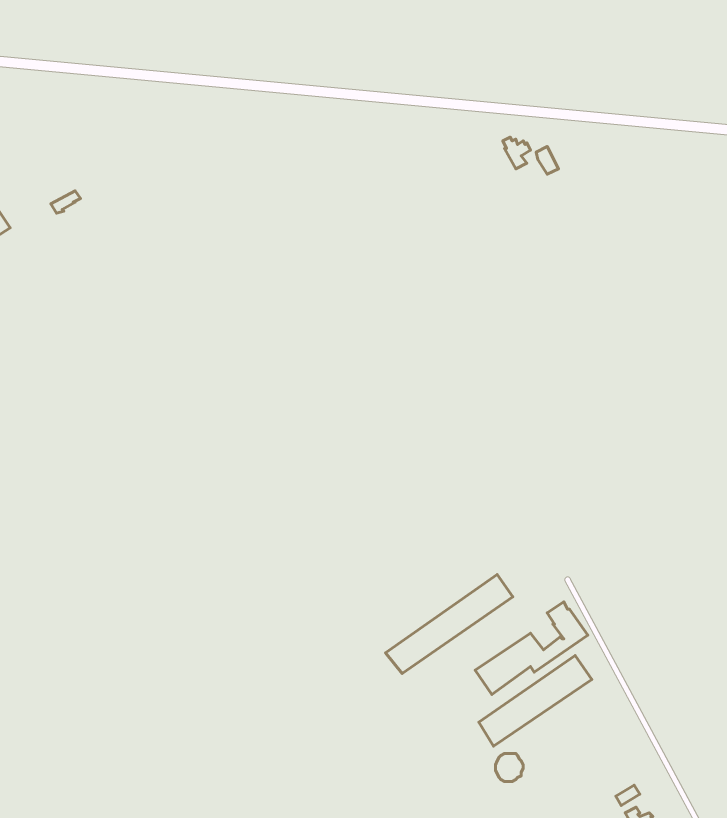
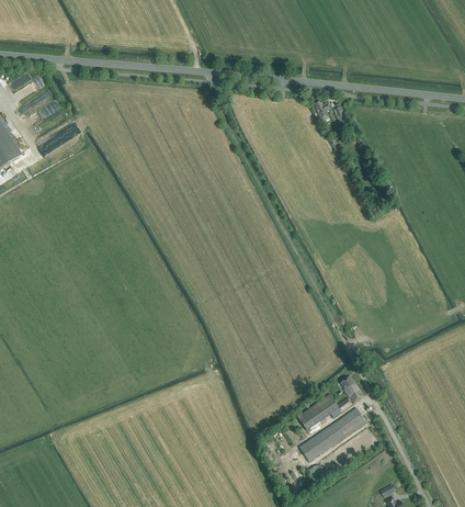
building: [386,575,513,673] -> none

